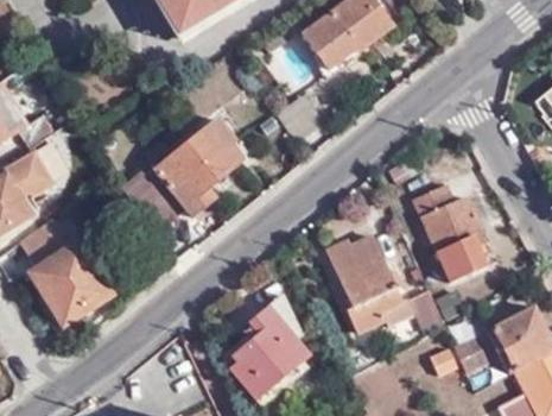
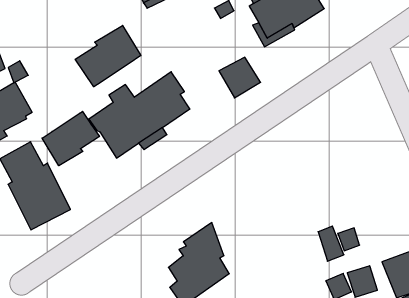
building: none -> [75,25,141,87]
building: none -> [42,111,99,166]
building: [415,184,488,278] -> none
building: [326,232,412,330] -> none

